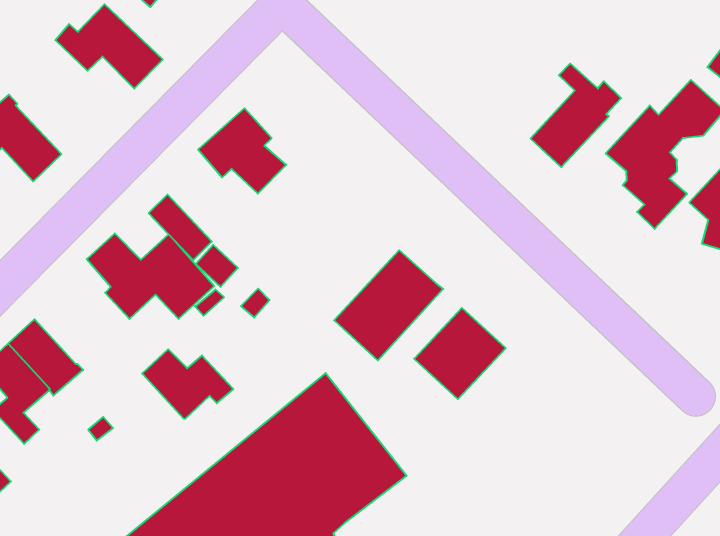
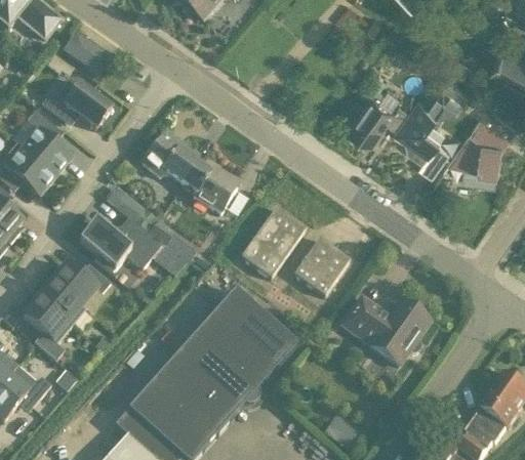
building: none -> [22,109,71,174]
building: none -> [180,162,237,212]
building: [142,349,233,419] -> [51,262,110,304]
building: none -> [340,295,429,363]

